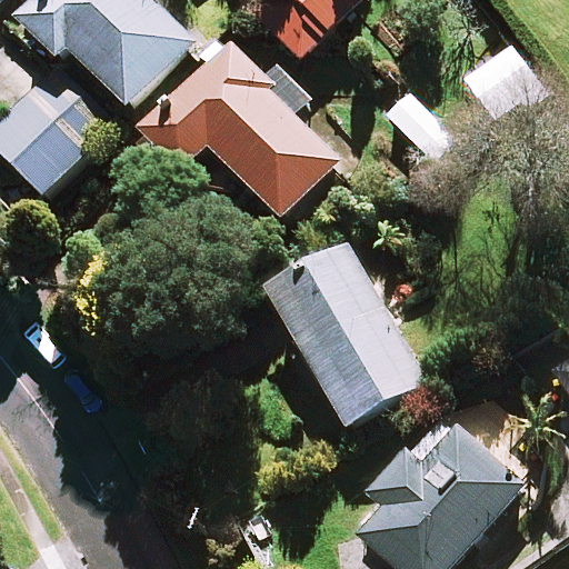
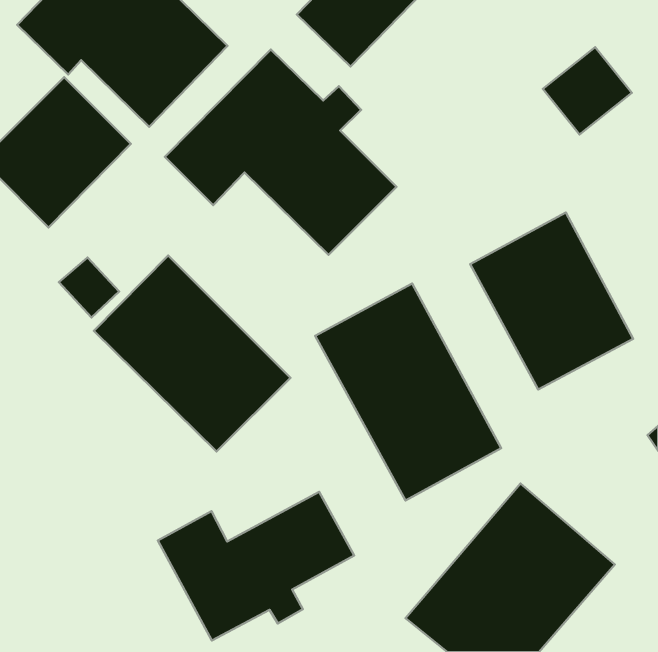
building: none -> [470,213,633,390]
building: none -> [94,256,291,452]
building: none -> [158,492,354,640]

